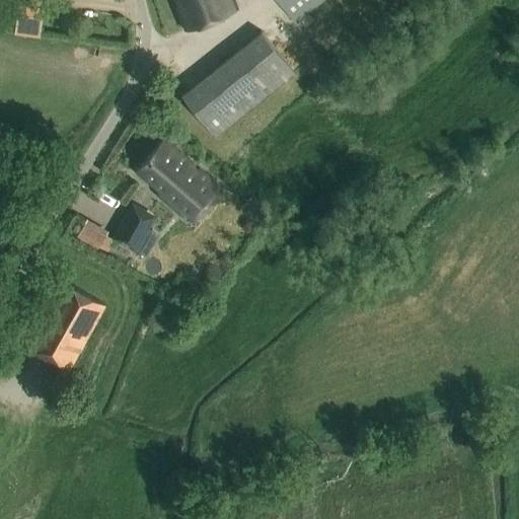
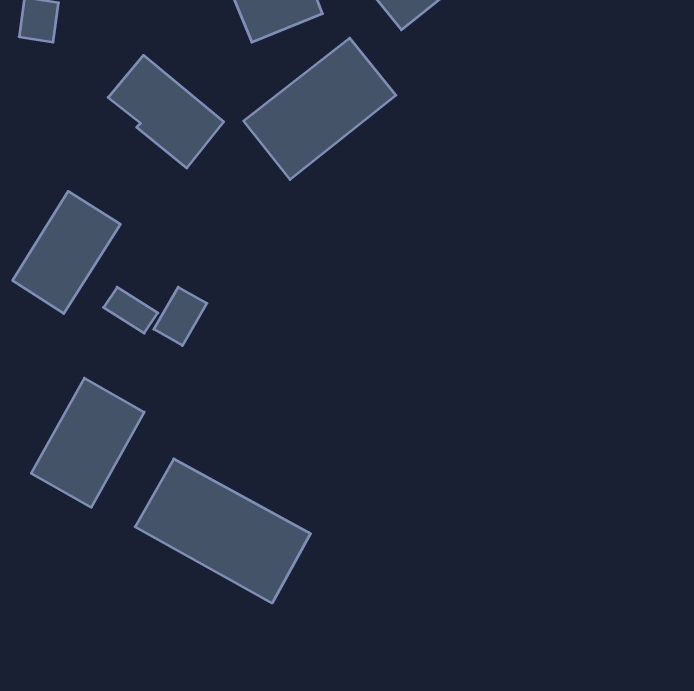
building: none -> [13,191,120,314]
building: [136,143,222,227] -> [108,55,224,168]
building: none -> [135,459,311,603]

